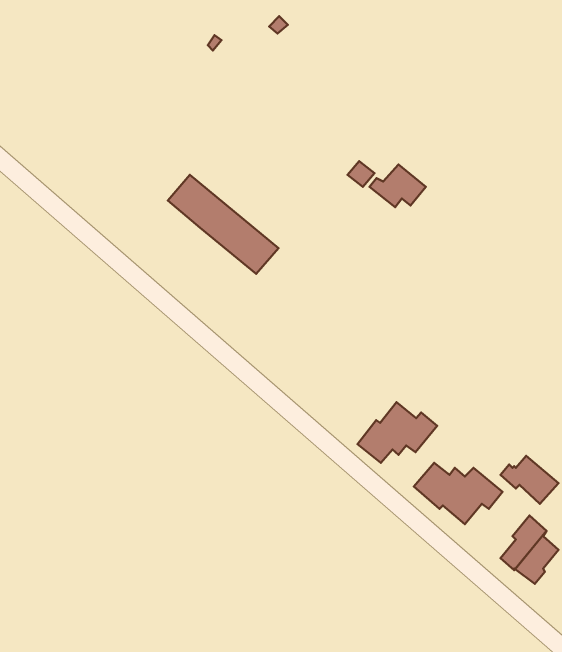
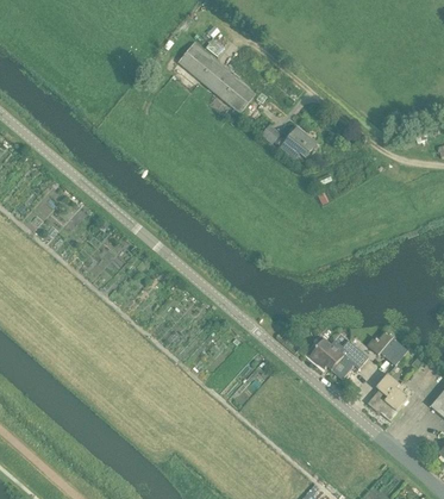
building: [168,175,278,274] -> [177,42,255,111]
building: [357,402,437,463] -> none

